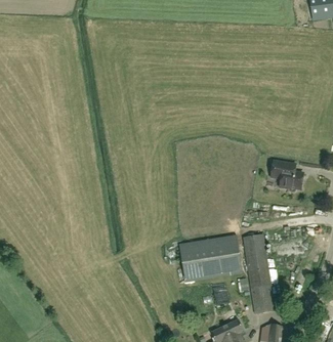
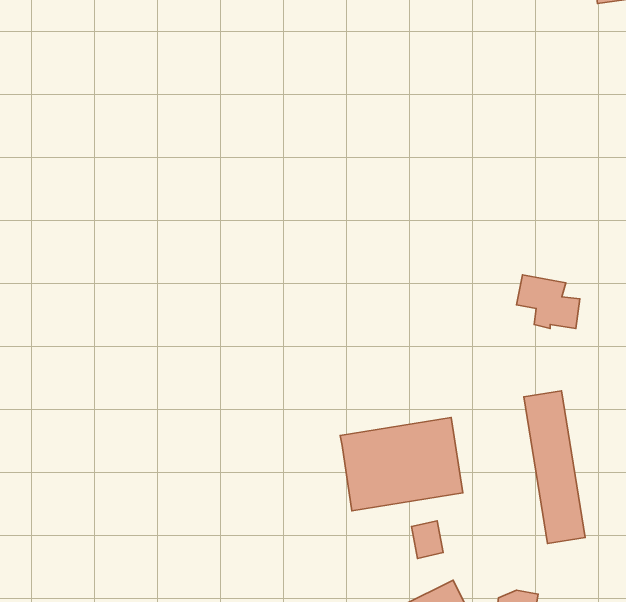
building: [244,234,276,313] -> [524,391,585,544]

